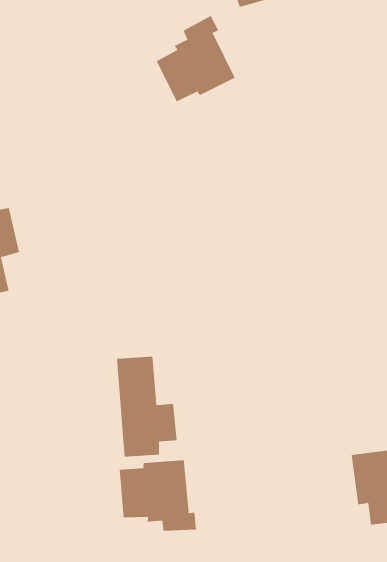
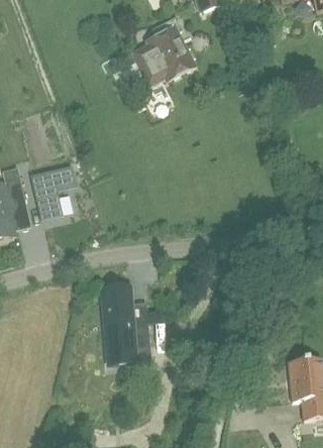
building: none -> [31,166,75,219]
building: [119,459,196,532] -> none

